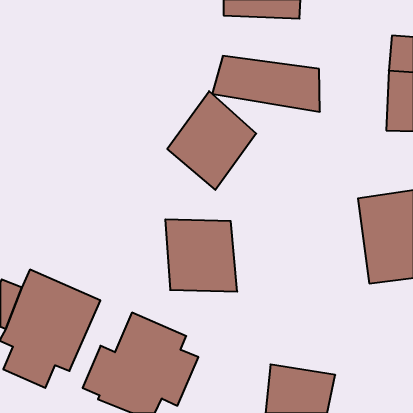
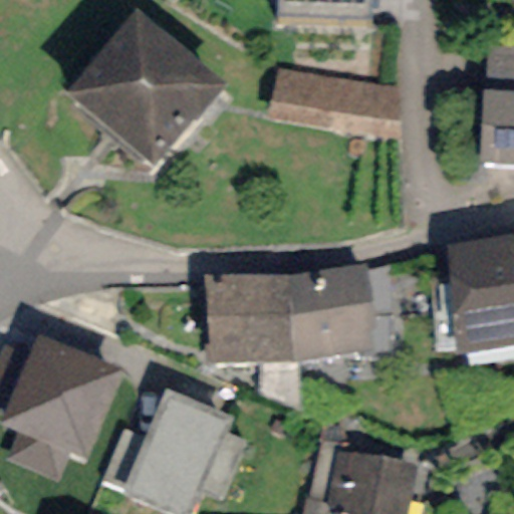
building: none -> [66,9,226,167]
building: [167,91,256,190] -> none
building: none -> [287,264,371,361]

